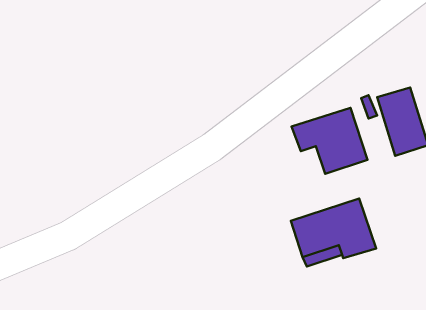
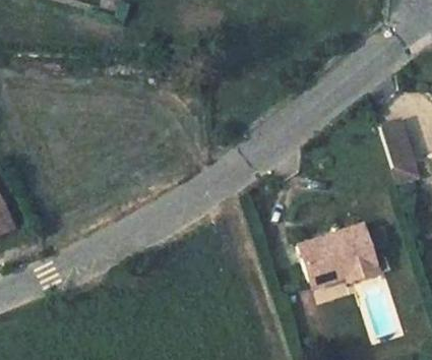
building: [291,108,368,174] -> none

